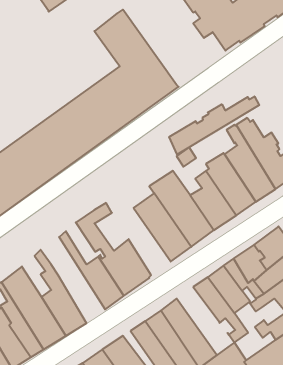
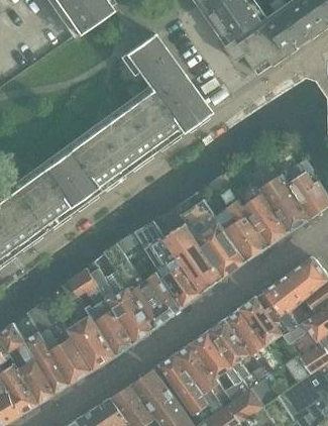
building: [169,96,259,155] -> none
building: none -> [135,221,202,307]
building: none -> [68,268,134,356]
building: none -> [208,319,267,390]

